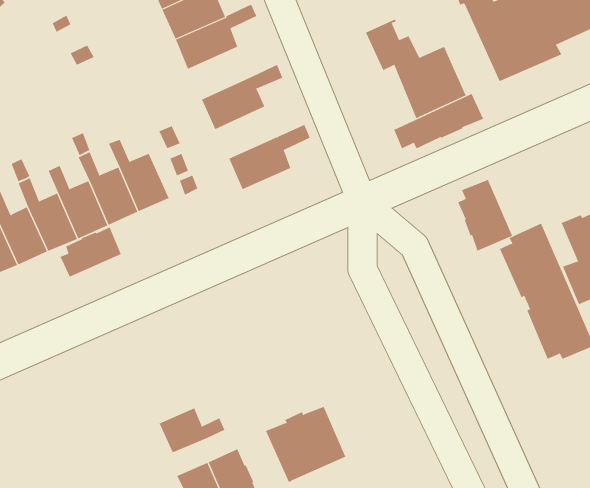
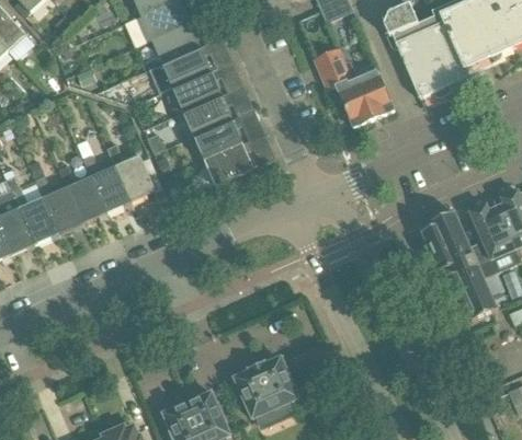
building: none -> [171,58,238,111]
building: [394,93,484,149] -> none
building: none -> [193,107,259,158]
building: [458,179,513,251] -> none
building: [60,227,122,278] -> none
building: [159,408,225,453] -> none

